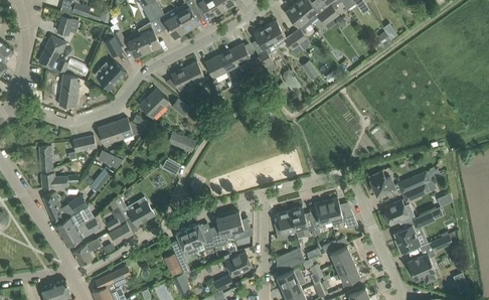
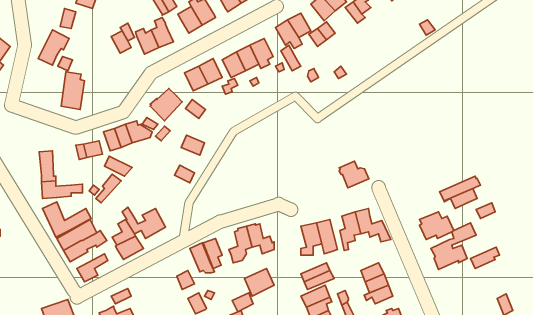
building: [96,60,125,90] -> none
building: [367,171,394,195] -> [339,161,369,188]
building: [406,254,435,284] -> none

